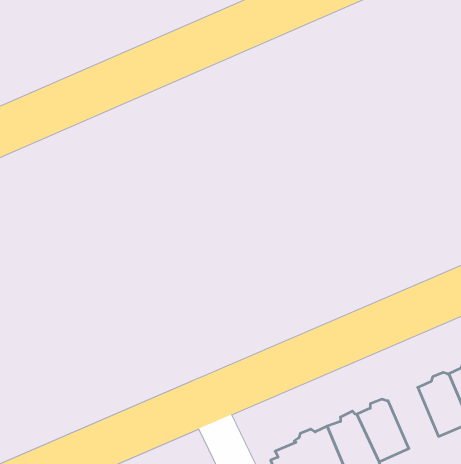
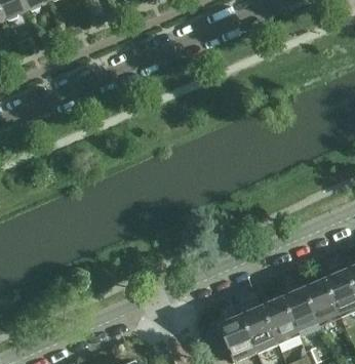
building: none -> [283,288,318,331]

